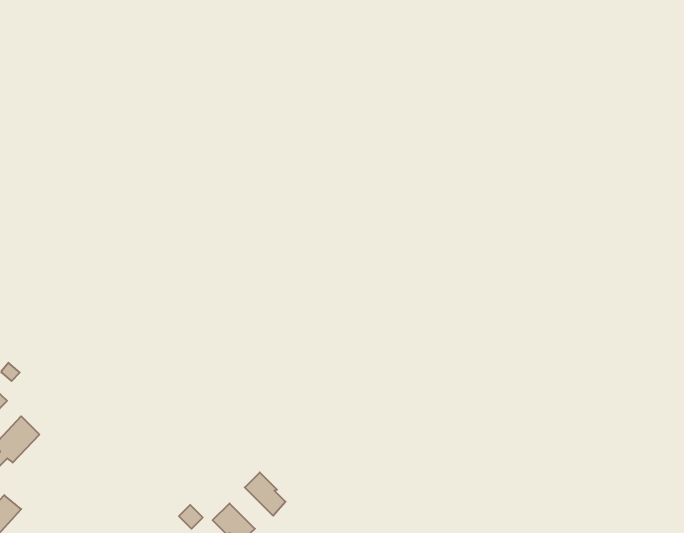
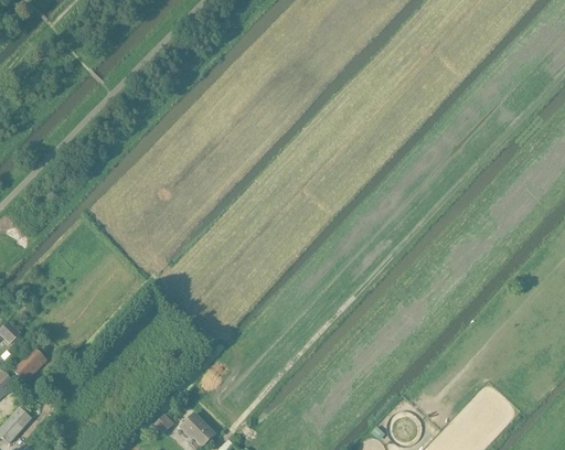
building: [245,472,286,516] -> none

